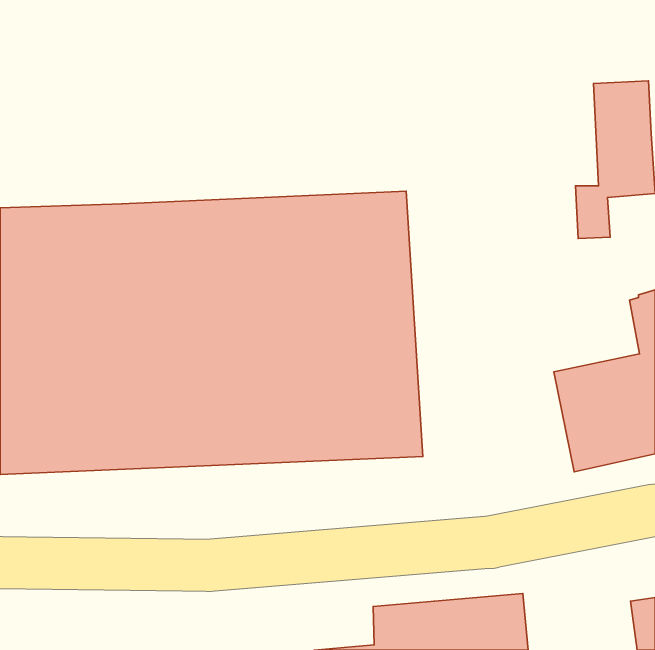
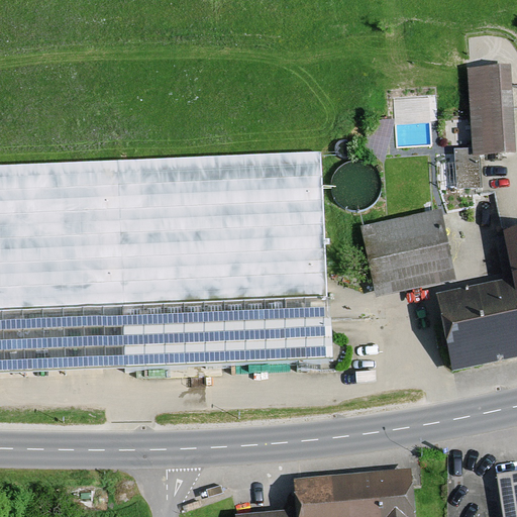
building: none -> [360,208,456,297]

